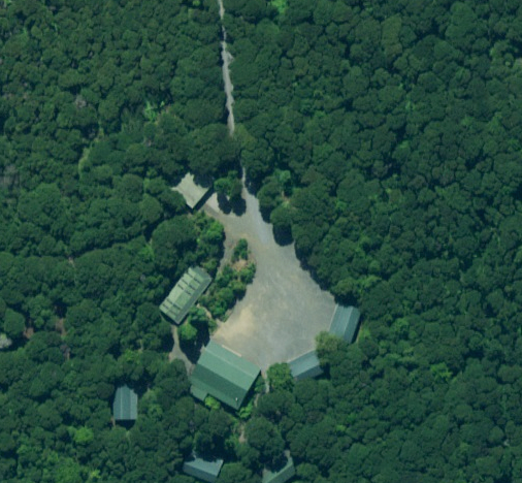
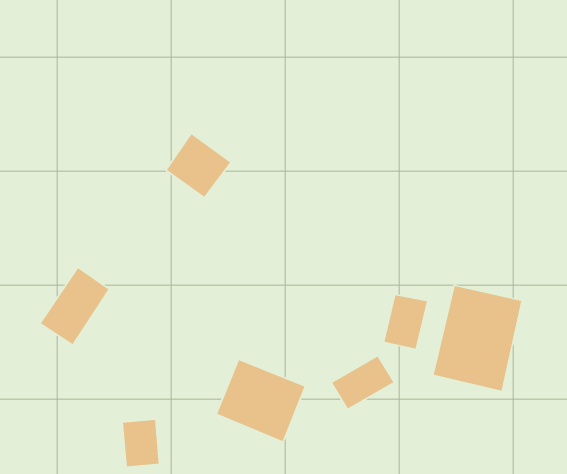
building: [156,261,214,323] -> [40,267,109,345]
building: none -> [433,285,522,391]

